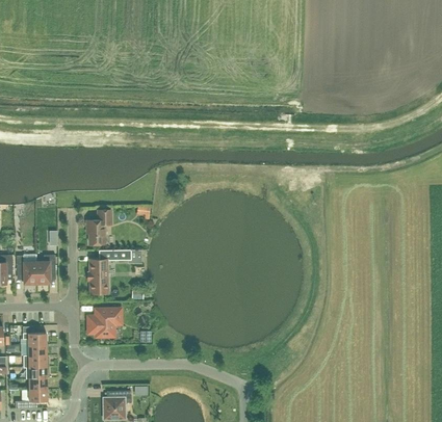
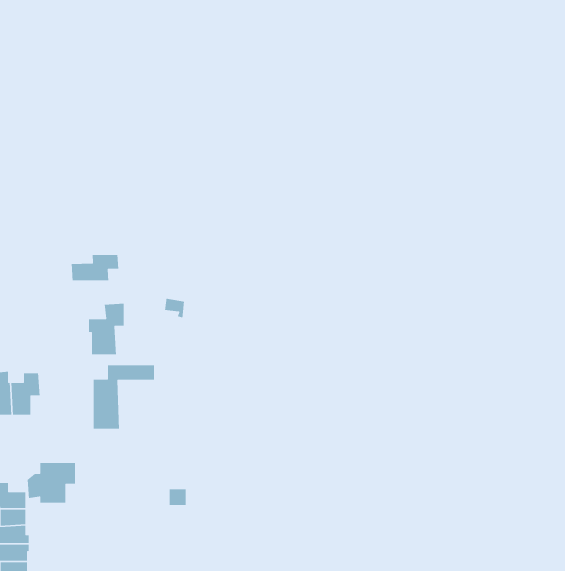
building: none -> [71,254,119,281]
building: [87,309,120,336] -> [27,462,76,503]

